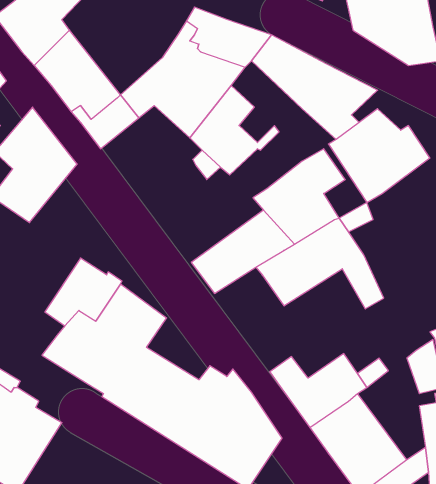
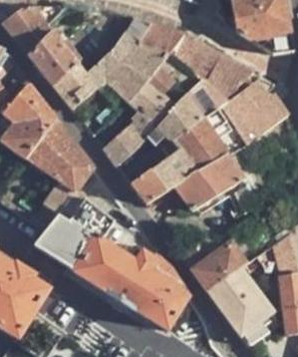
building: none -> [146,83,226,146]
building: none -> [26,119,94,192]
building: none -> [104,124,142,165]

